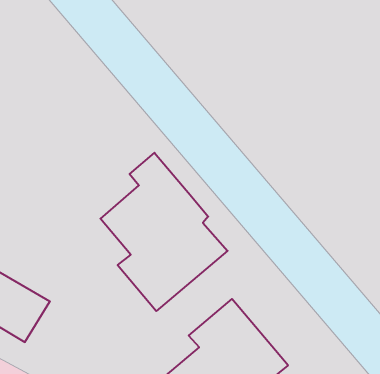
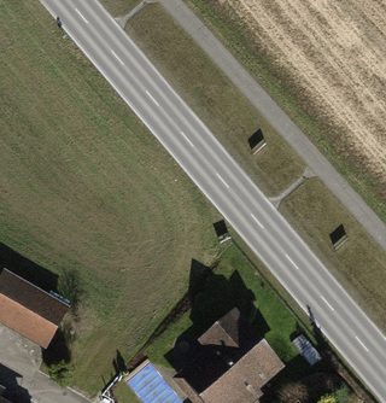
building: [100,153,228,311] -> none

